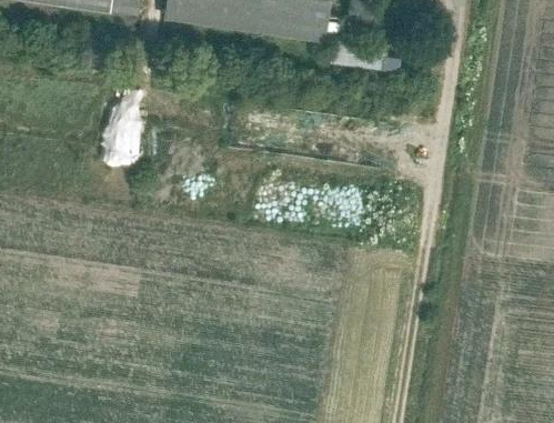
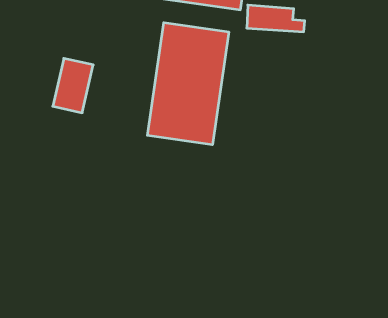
building: none -> [147,23,229,145]

